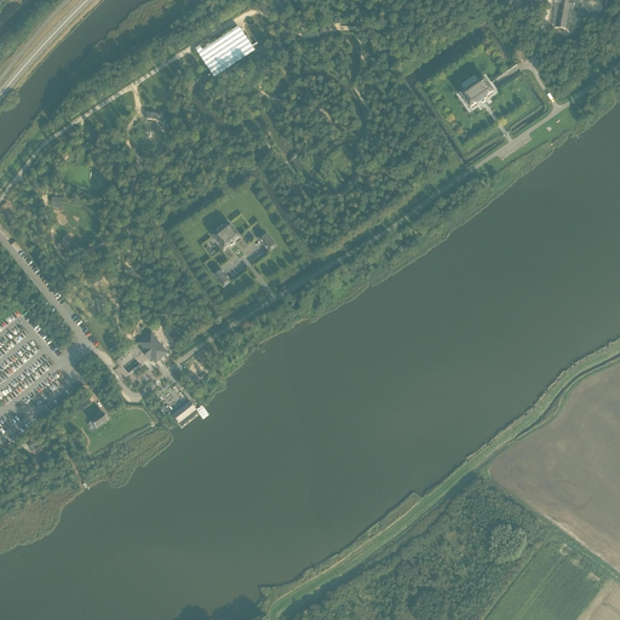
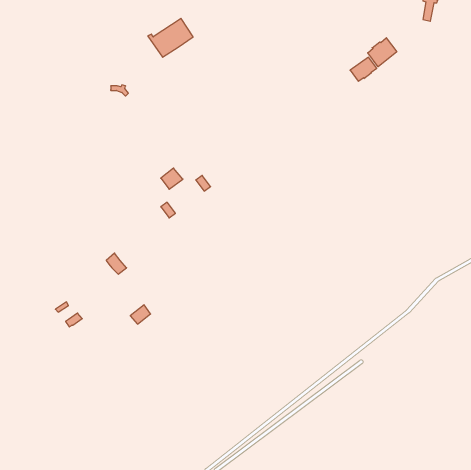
building: none -> [368,38,397,67]

